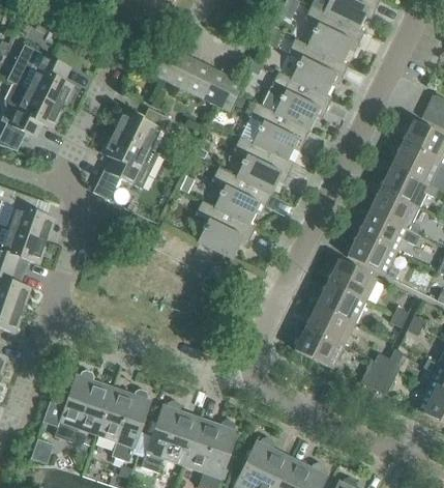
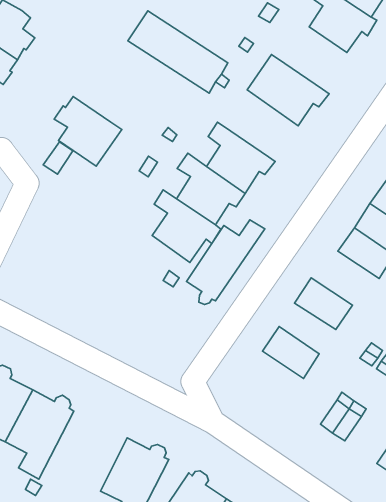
building: [288,38,348,95] -> none
building: [249,103,309,160] -> none
building: [114,107,172,148] -> none
building: none -> [186,220,265,305]
building: [347,232,398,279] -> none
building: [317,282,365,322] -> none
building: [295,326,344,368] -> none
building: [141,399,200,472] -> none

